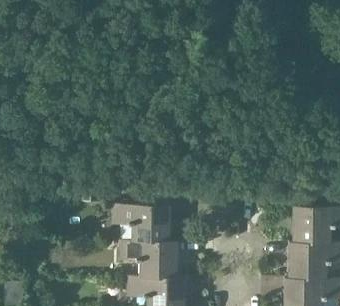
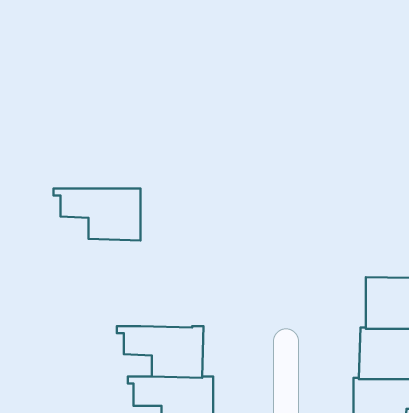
building: [107,204,169,241] -> [54,189,140,240]

